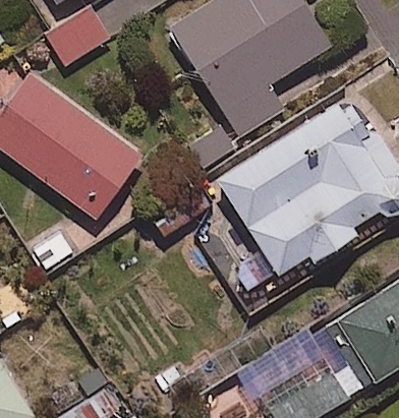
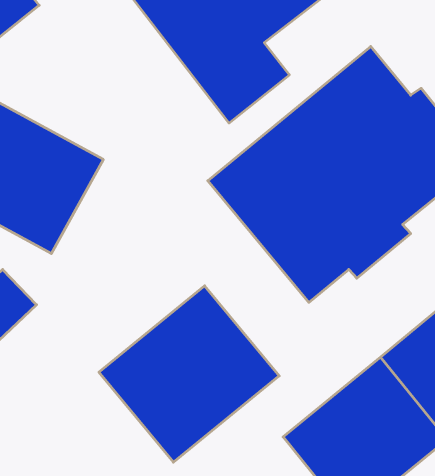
building: none -> [99,286,279,462]

